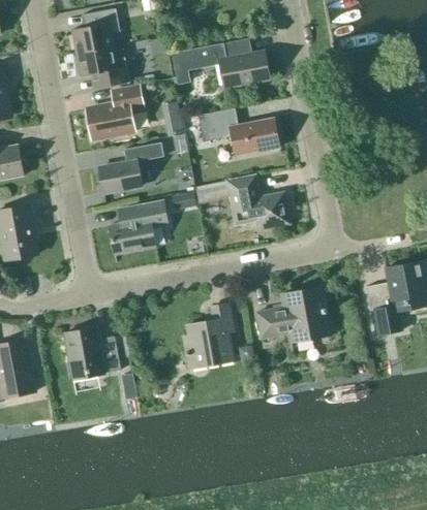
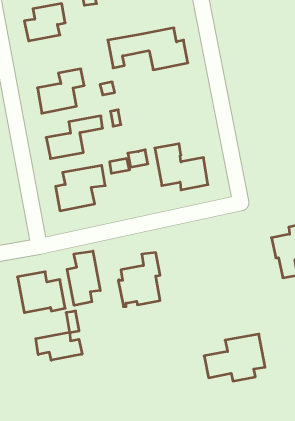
building: [77,45,129,88] -> none
building: [197,107,279,155] -> none
building: [256,286,329,342] -> [204,334,265,381]
building: none -> [67,251,100,305]
building: none -> [36,332,82,360]

